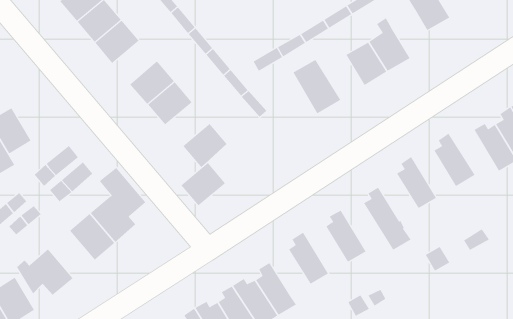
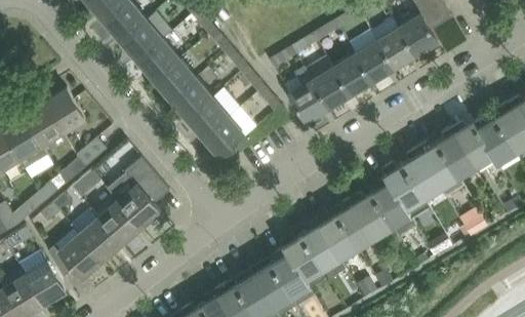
building: none -> [398,15,438,58]
building: none -> [137,42,179,83]
building: none -> [327,46,372,97]
building: none -> [289,69,328,124]
building: none -> [44,90,85,135]
building: none -> [451,122,497,167]
building: none -> [416,144,457,189]
building: [181,162,226,206] -> [187,100,229,141]
building: none -> [380,165,422,210]
building: none -> [351,193,399,239]
building: none -> [72,211,121,264]
building: none -> [316,214,357,260]
building: none -> [280,236,322,288]

